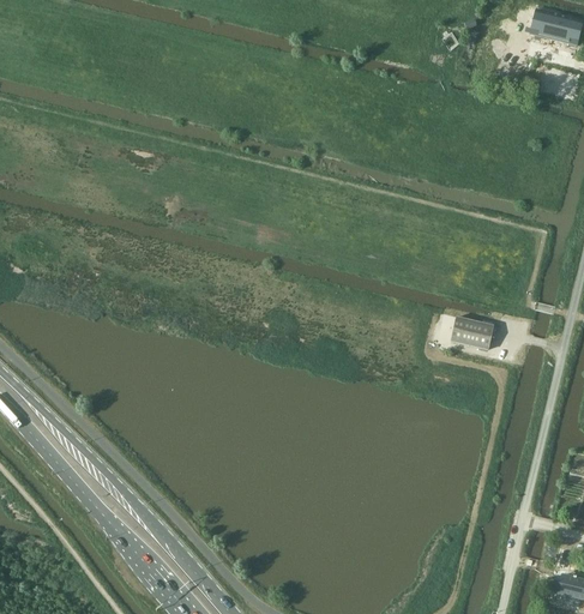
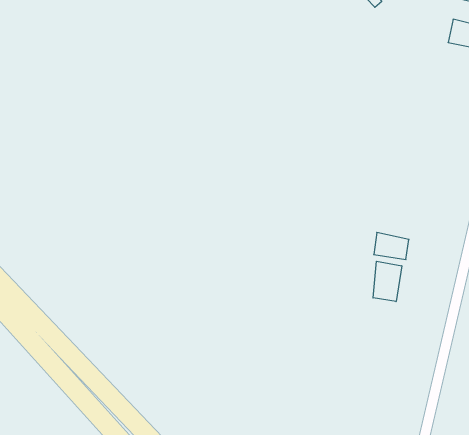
building: none -> [373,261,402,302]

